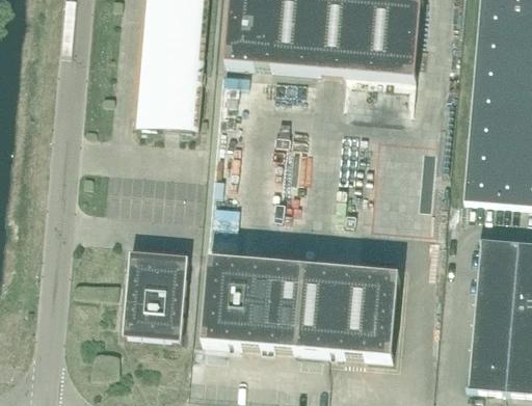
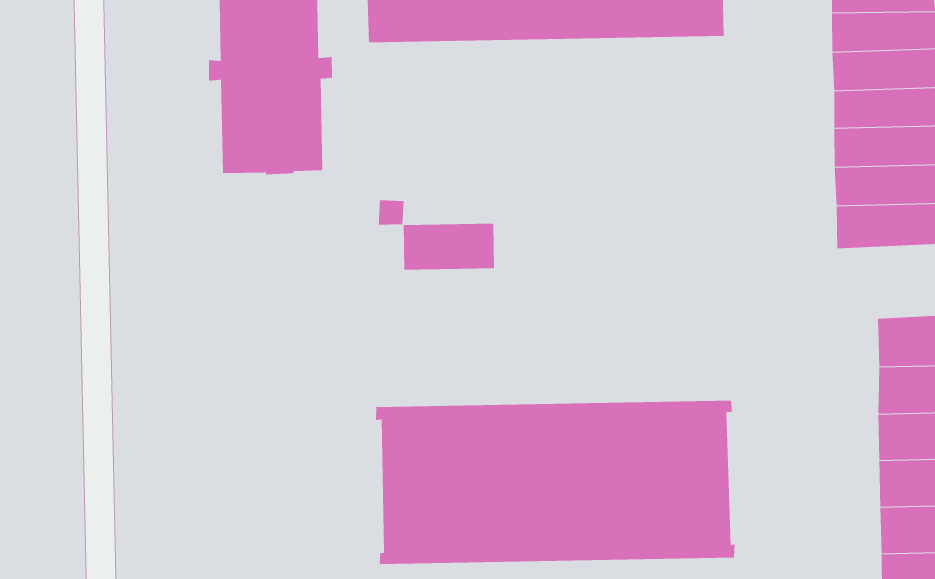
building: none -> [403,223,495,270]
building: [124,249,189,332] -> none

